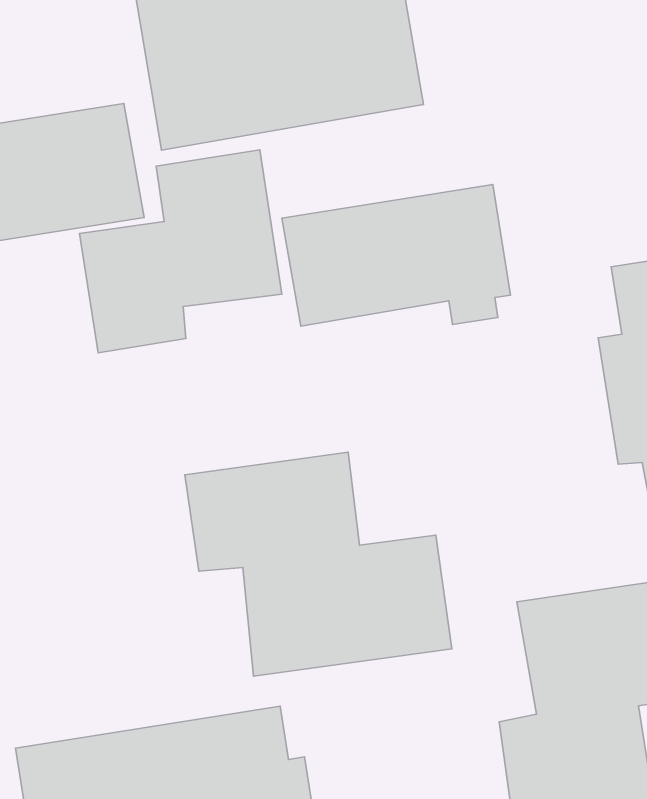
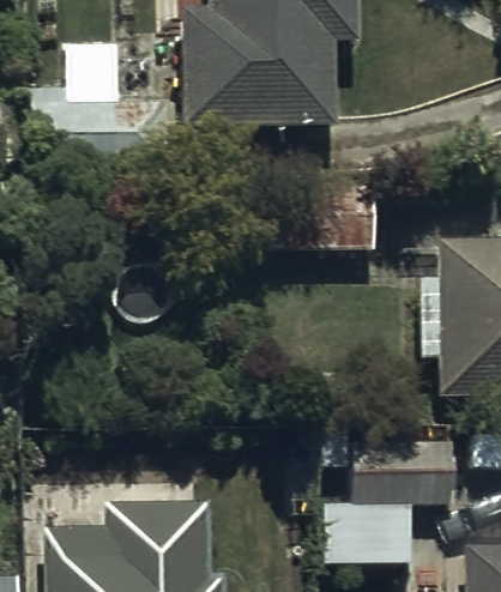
building: [80,150,282,353] -> none
building: [185,452,452,676] -> none

